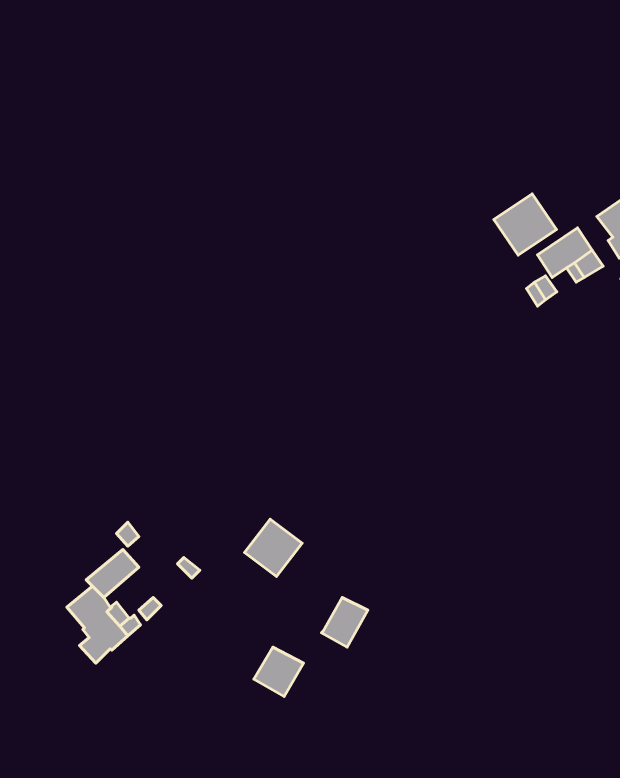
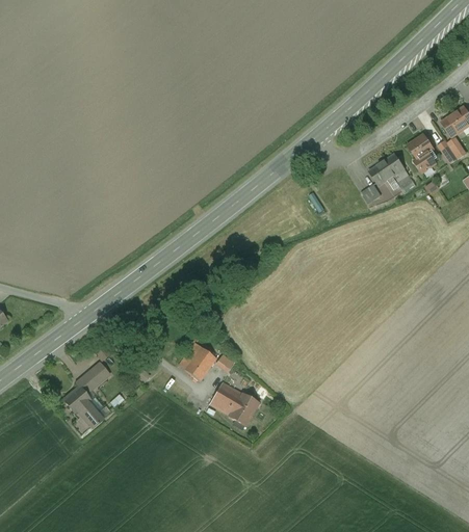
building: [494,194,557,255] -> none
building: [254,647,303,697] -> [209,382,241,415]

